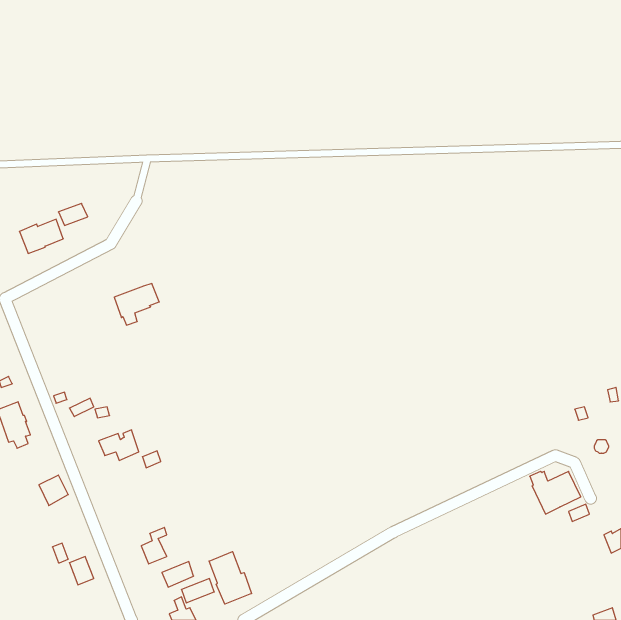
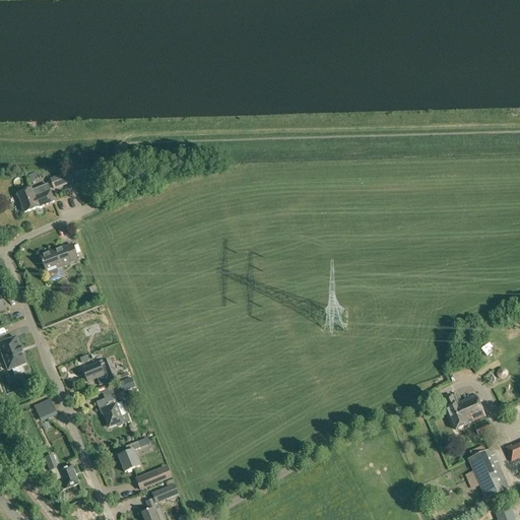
building: [114,284,159,325] -> [40,243,77,277]
building: none -> [95,387,128,426]
building: none -> [470,448,508,496]
building: [209,552,252,604] -> none

